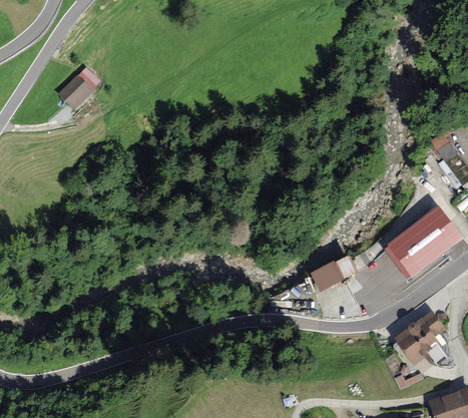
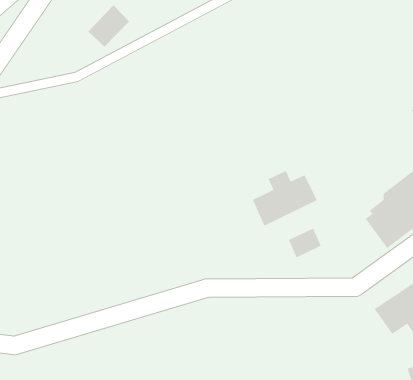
building: [56,67,98,110] -> [88,4,130,48]
building: none -> [252,170,318,227]

